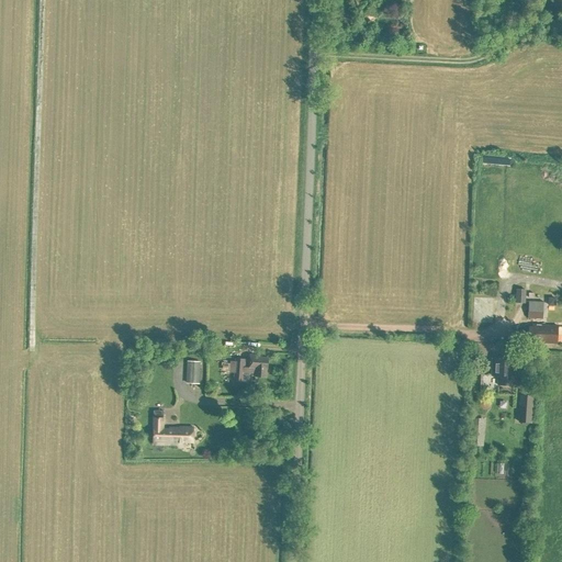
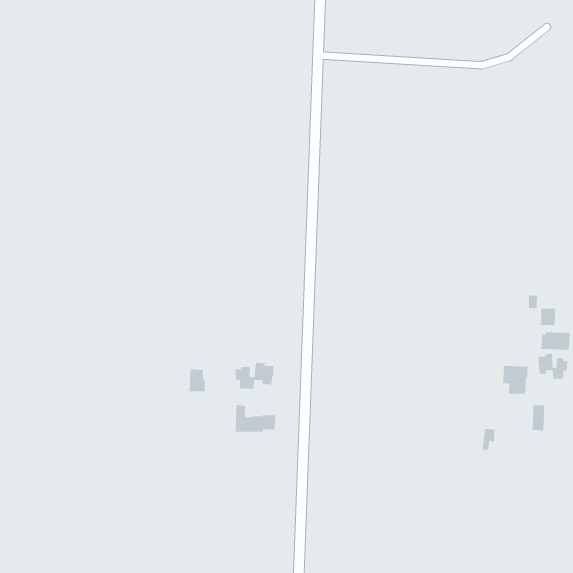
building: none -> [538,353,568,380]
building: [154,416,194,443] -> [235,404,276,432]

